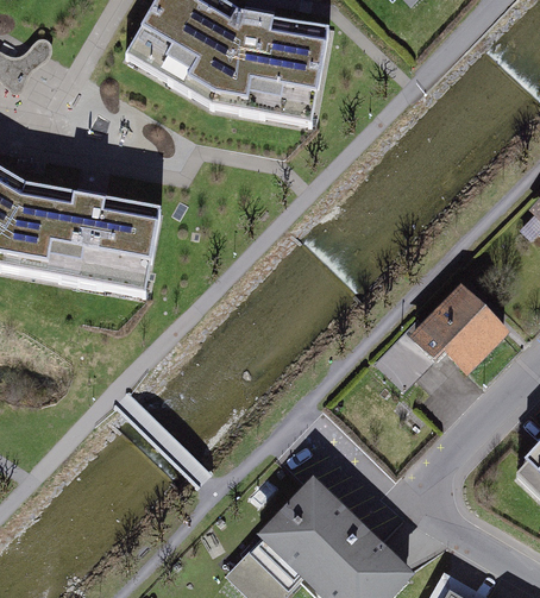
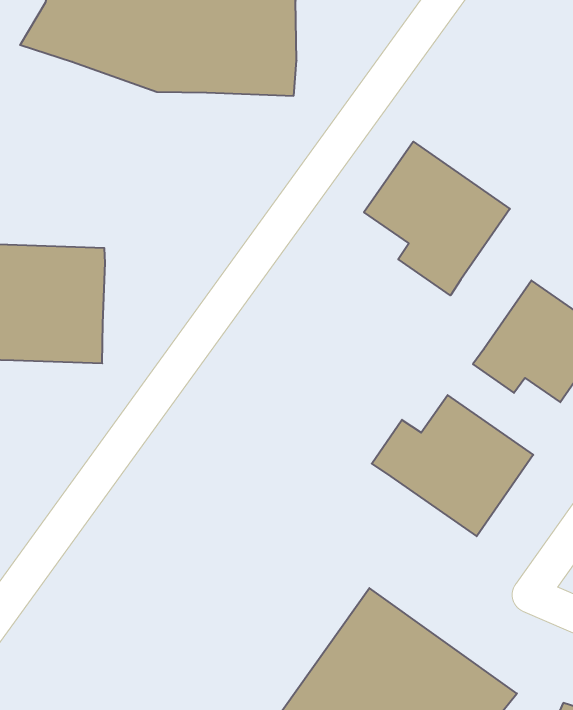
building: none -> [364,142,510,295]
building: none -> [372,395,533,536]

